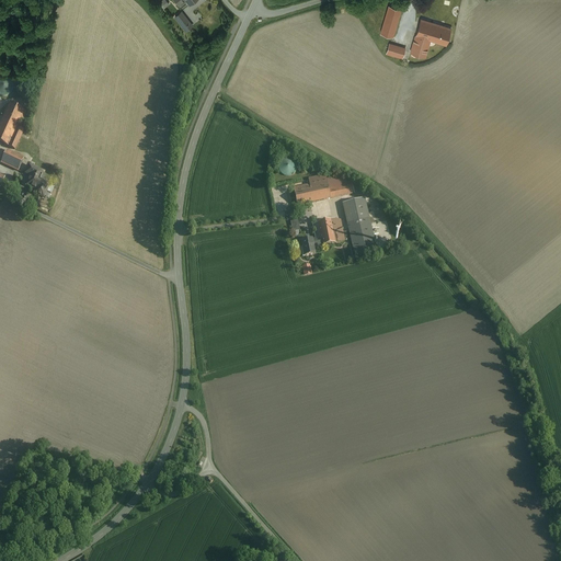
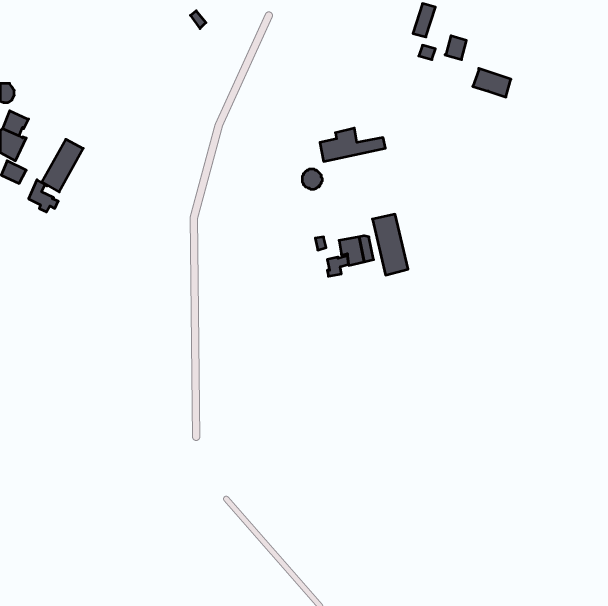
building: [415,16,450,43] -> [473,68,511,97]
building: none -> [42,139,83,192]
building: [294,173,354,204] -> [320,128,385,161]

